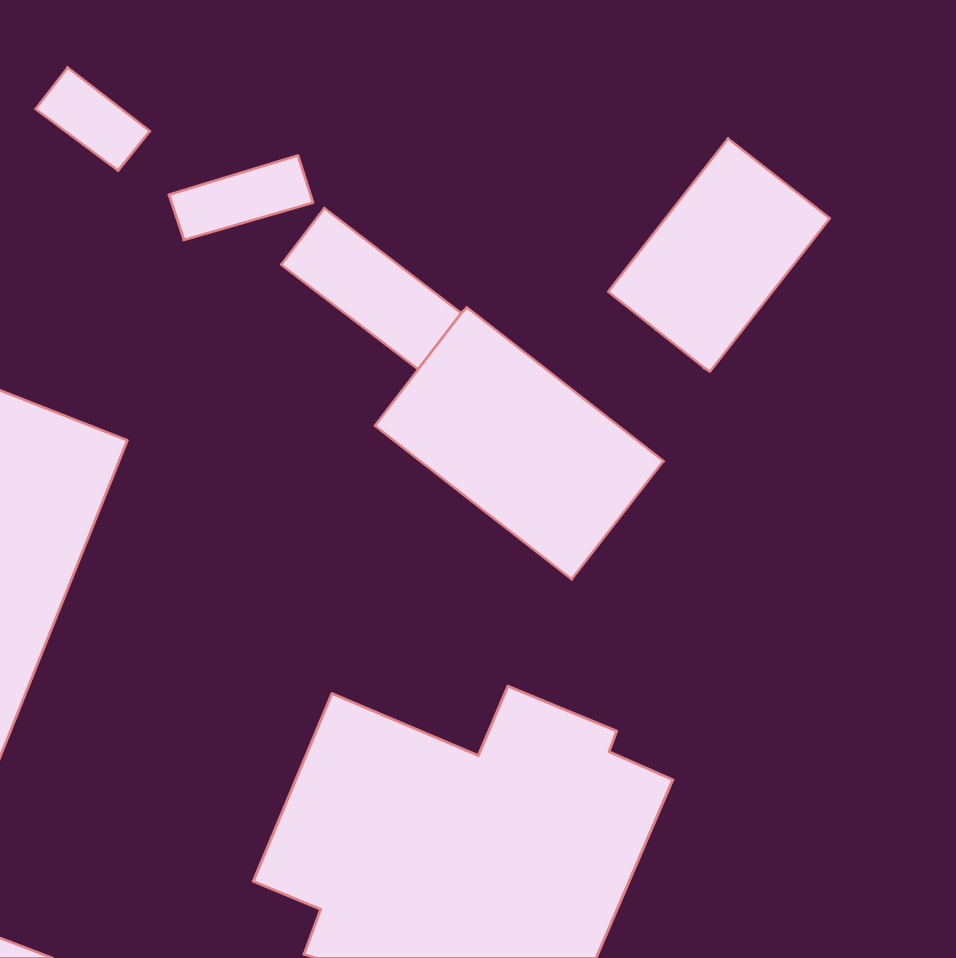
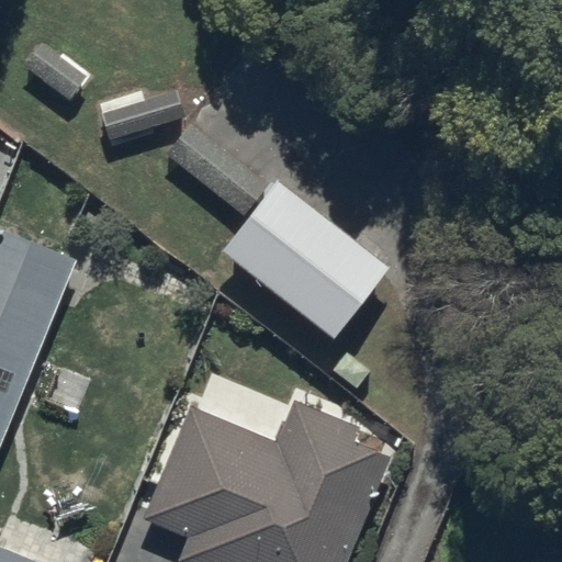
building: [608,138,830,371] -> none

